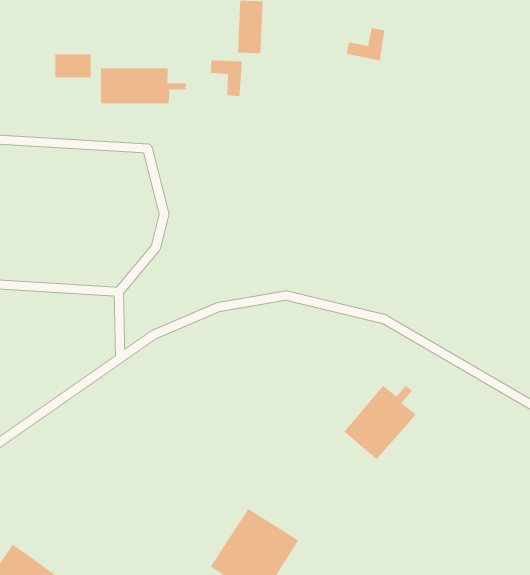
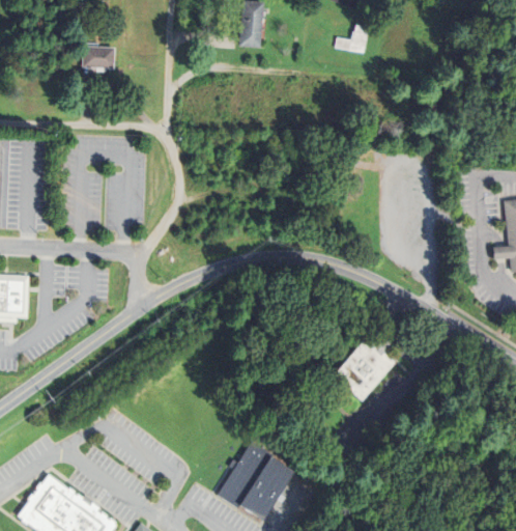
building: [210,60,243,97] -> none
building: [100,68,186,104] -> none

